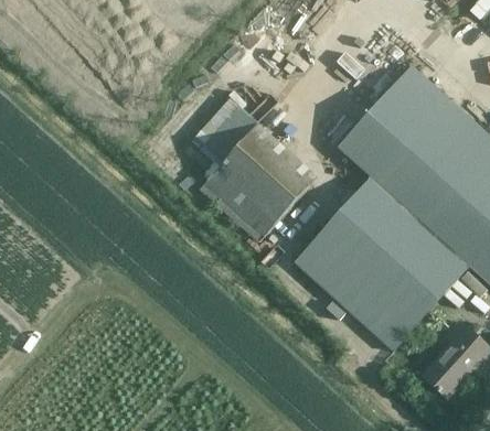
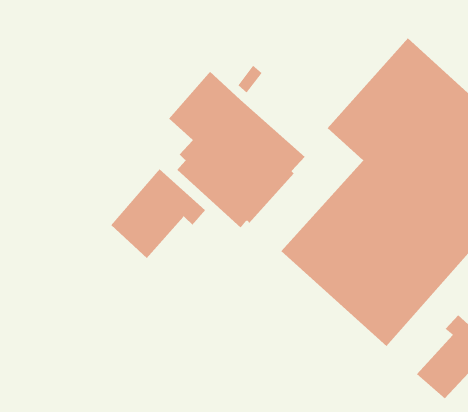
building: none -> [111,168,206,259]

